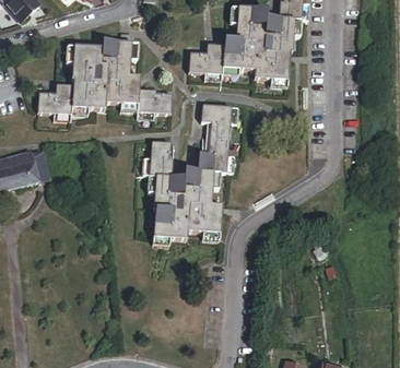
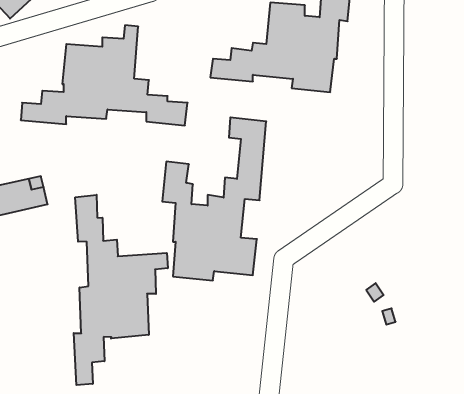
building: none -> [74,195,168,385]

